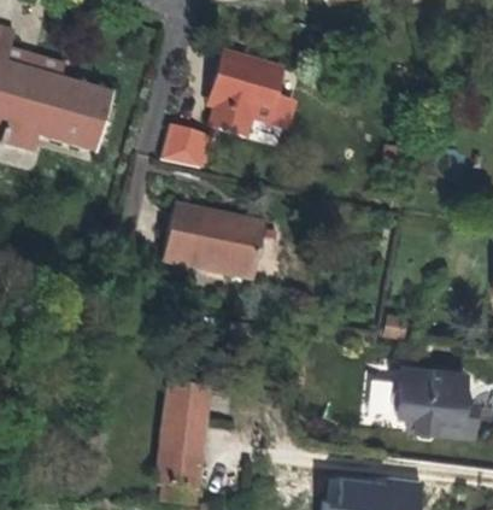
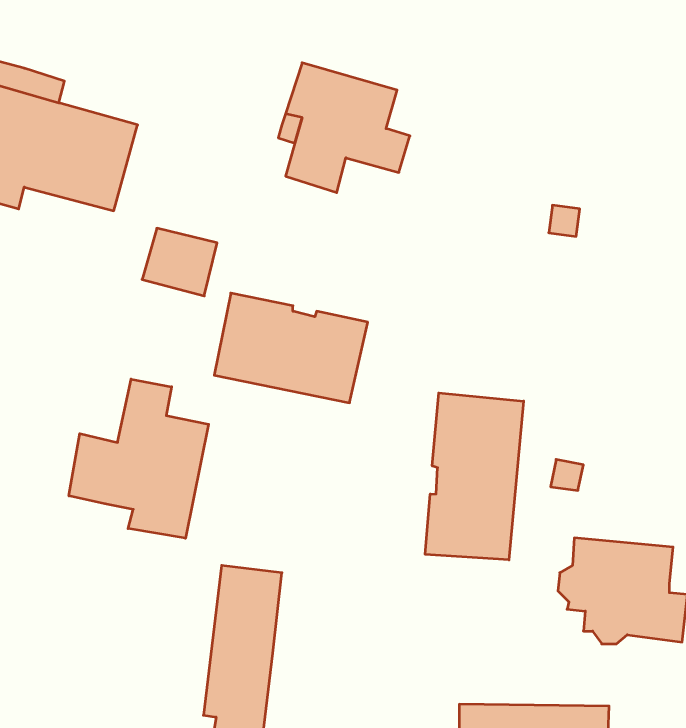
building: [160,124,210,169] -> [142,228,217,296]
building: none -> [69,379,209,538]
building: none -> [425,393,524,560]

